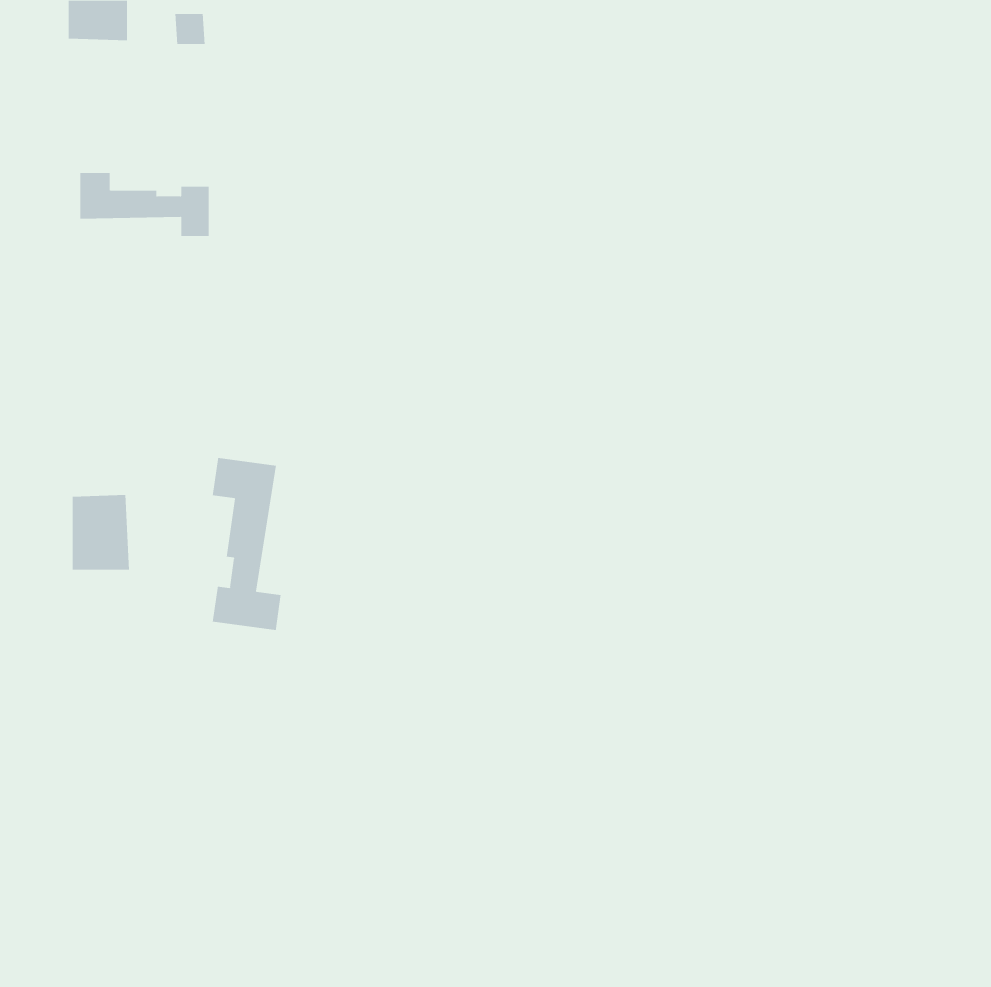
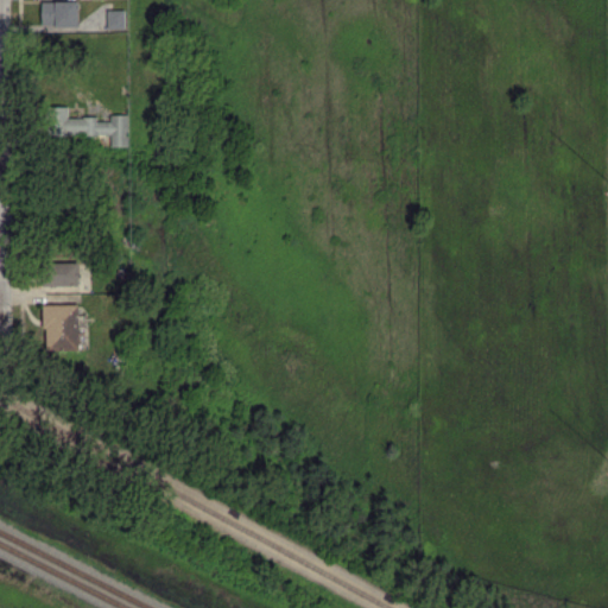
building: none -> [44,262,78,287]
building: [212,457,281,631] -> none

